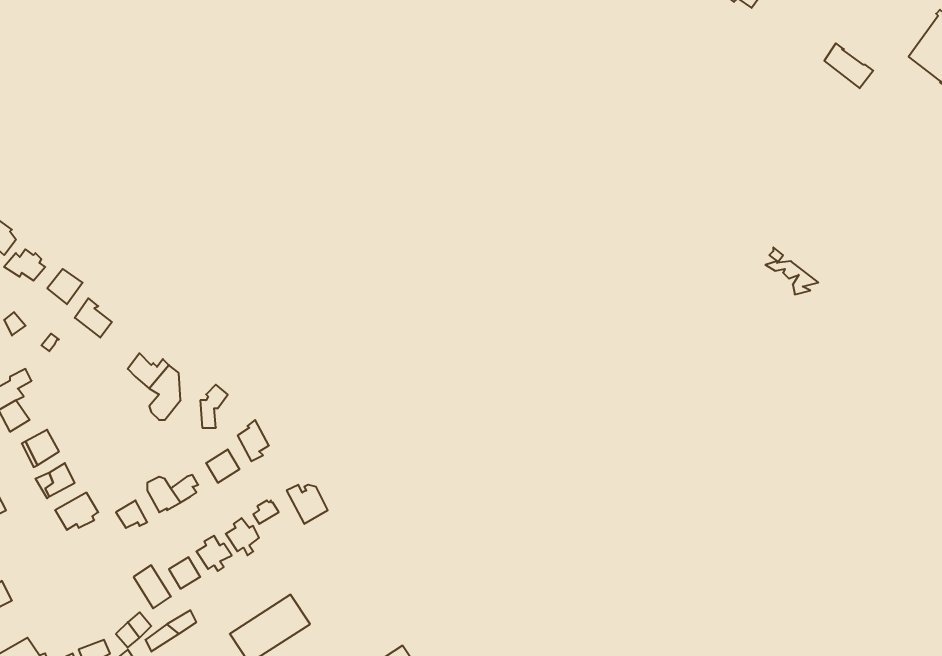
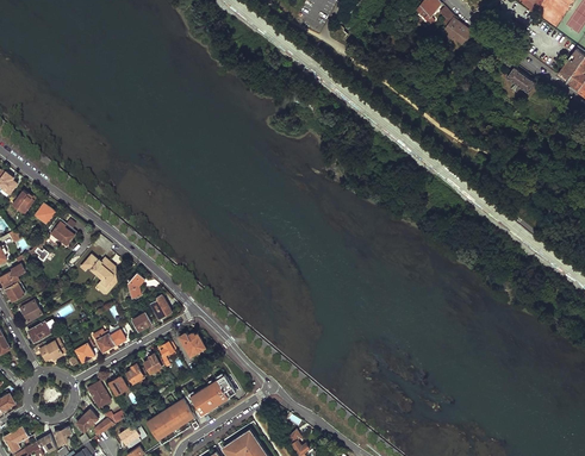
building: none -> [189,376,235,419]

